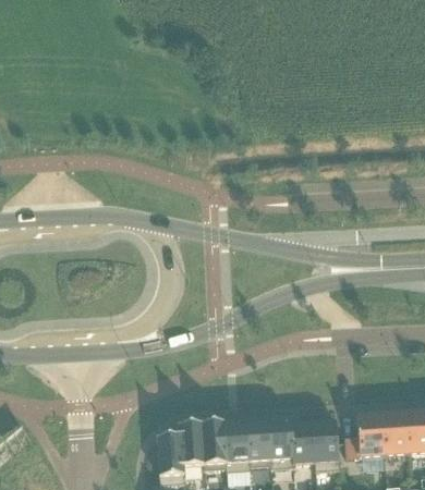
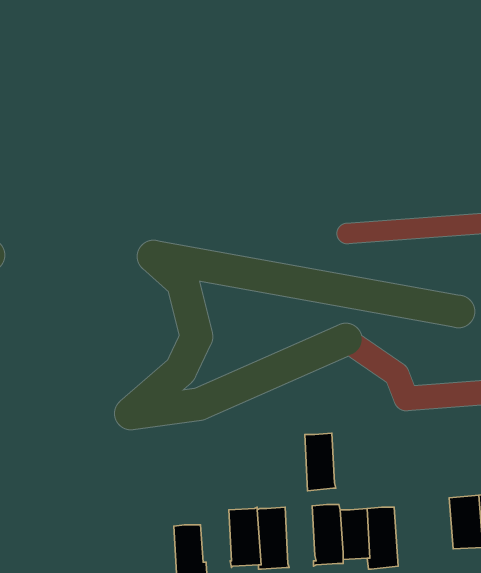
building: [344,414,384,457] -> none
building: [247,420,272,467] -> [305,433,336,491]
building: [178,424,204,466] -> none

